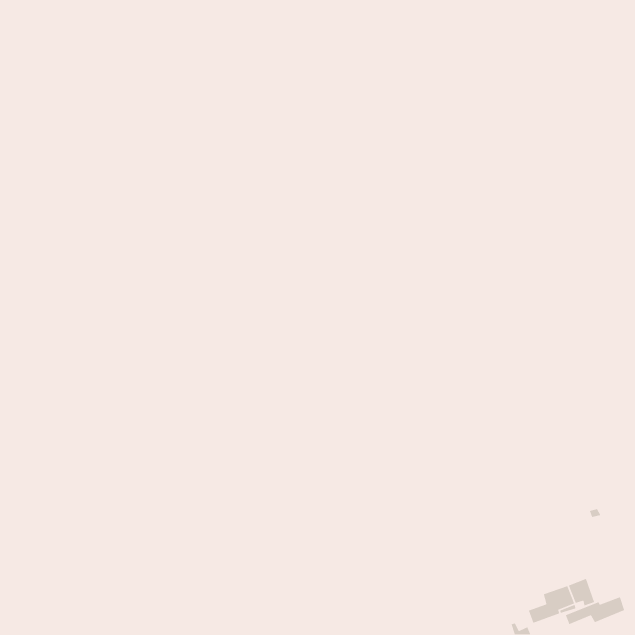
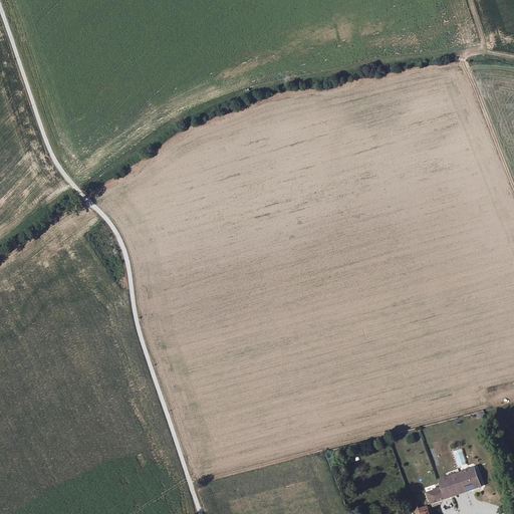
building: [565,596,625,625] -> none

